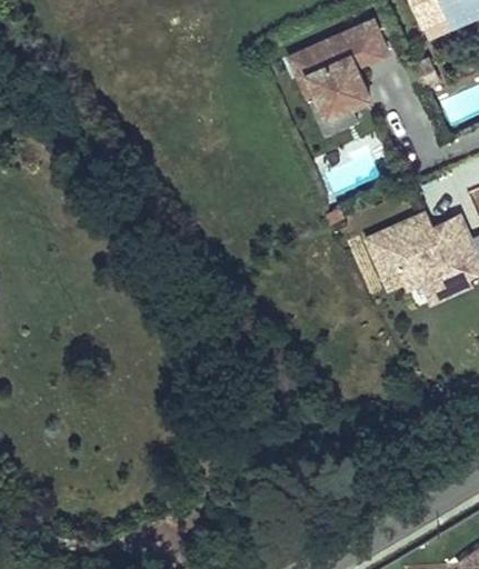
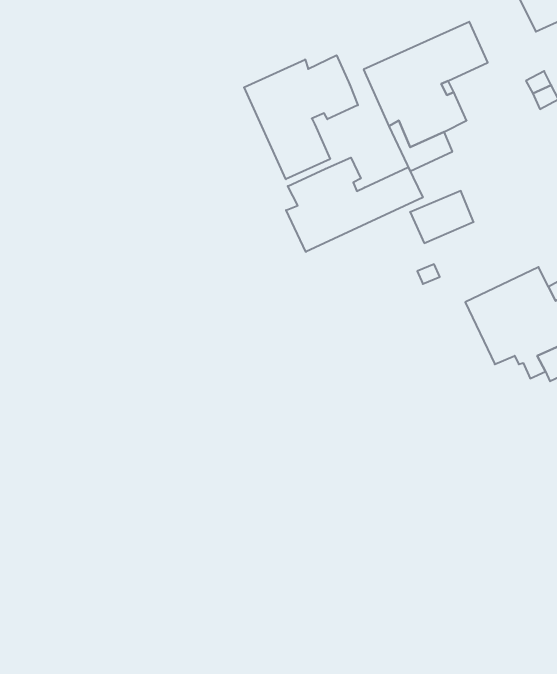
building: none -> [244,55,358,179]
building: none -> [286,158,423,252]

